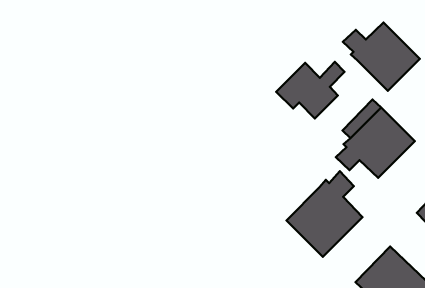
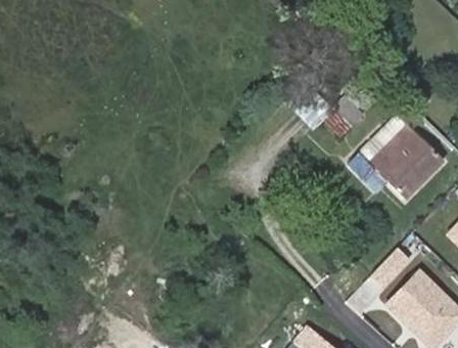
building: [343,23,420,91] -> none
building: [287,171,362,257] -> none

